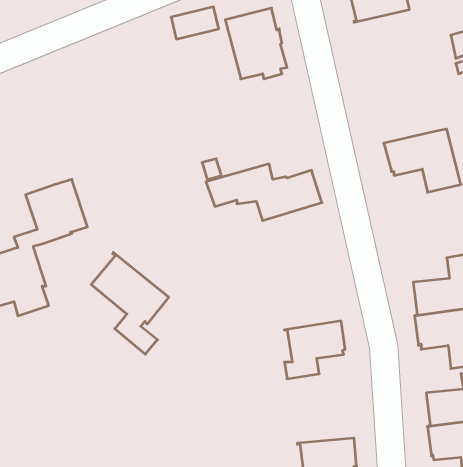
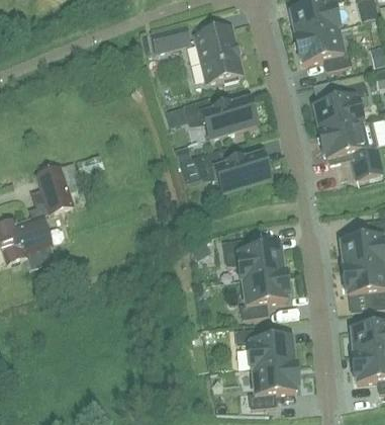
building: none -> [294,28,351,71]
building: none -> [313,83,367,134]
building: none -> [183,99,256,141]
building: [91,252,169,354] -> none
building: none -> [222,239,284,280]
building: none -> [234,329,294,369]

